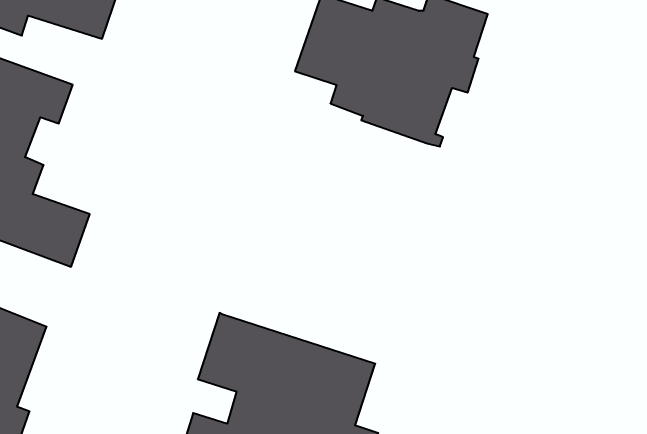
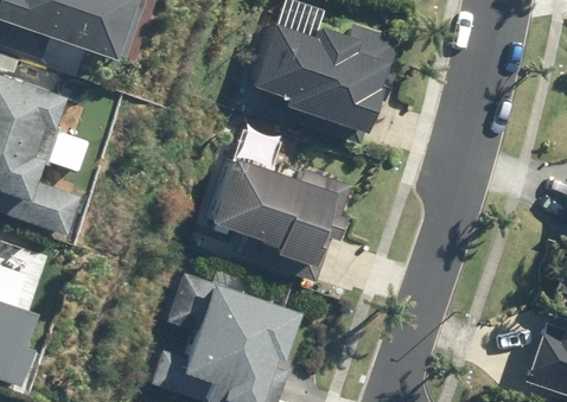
building: none -> [199,157,345,280]

